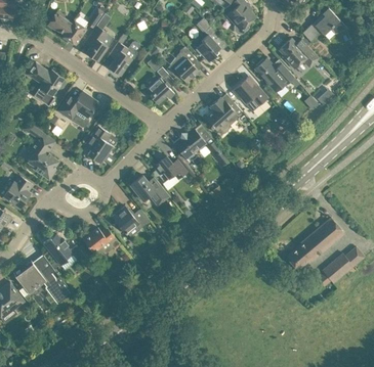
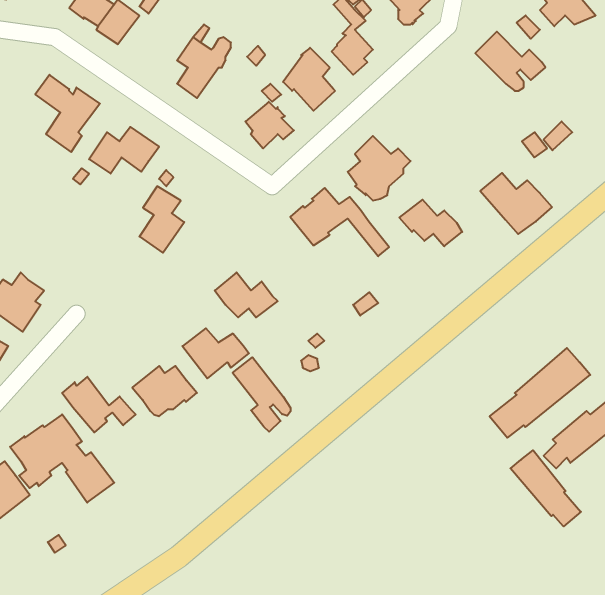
building: [86,25,114,59] -> none
building: [254,57,295,92] -> [480,173,552,234]
building: [232,79,267,105] -> [399,200,462,246]
building: [23,121,58,178] -> none
building: [154,155,186,178] -> none
building: none -> [233,357,291,432]
building: none -> [510,450,581,526]

